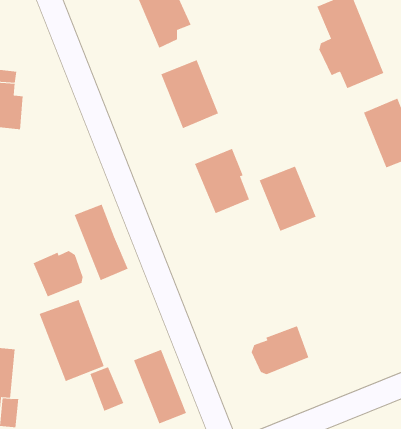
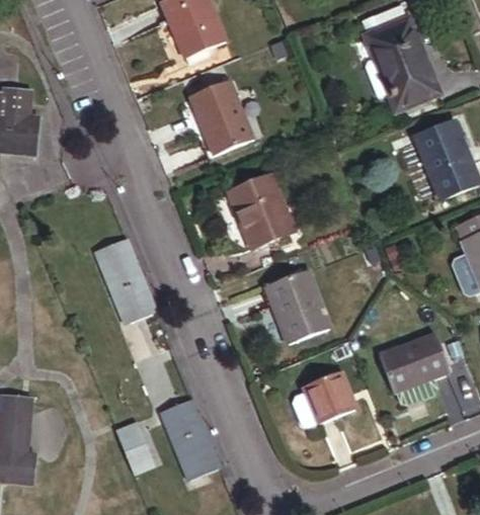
building: [259,166,316,232] -> [267,269,331,342]
building: [33,250,83,297] -> none
building: none -> [381,334,450,405]
building: [39,299,105,382] -> none

